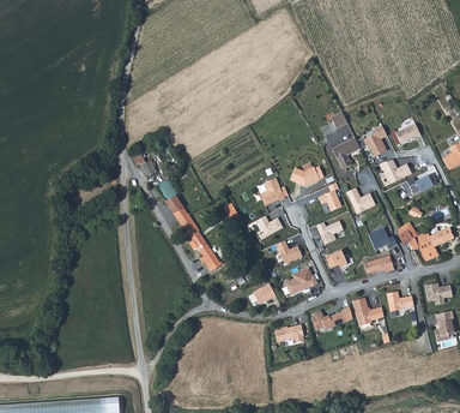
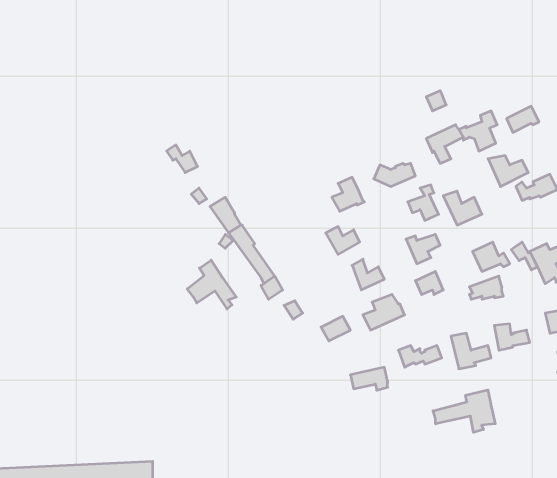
building: none -> [187,260,236,309]
building: none -> [433,390,495,432]

